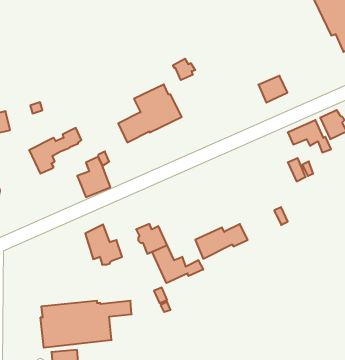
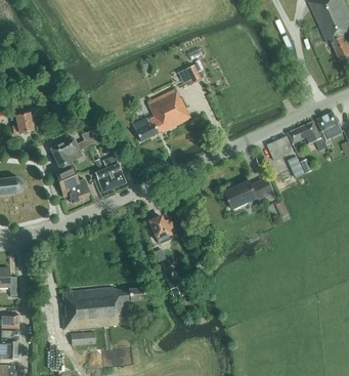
building: [258,76,287,103] -> [267,136,294,161]
building: [195,224,248,259] -> [225,177,273,209]
building: [85,224,122,265] -> [55,165,89,202]
building: [152,245,203,283] -> none

